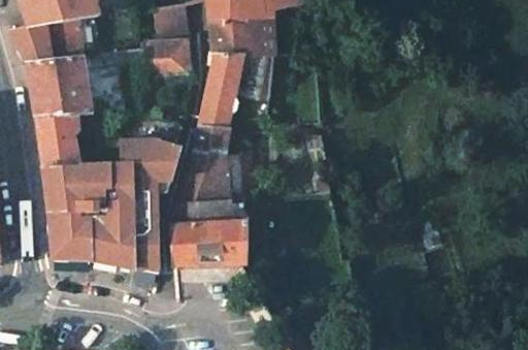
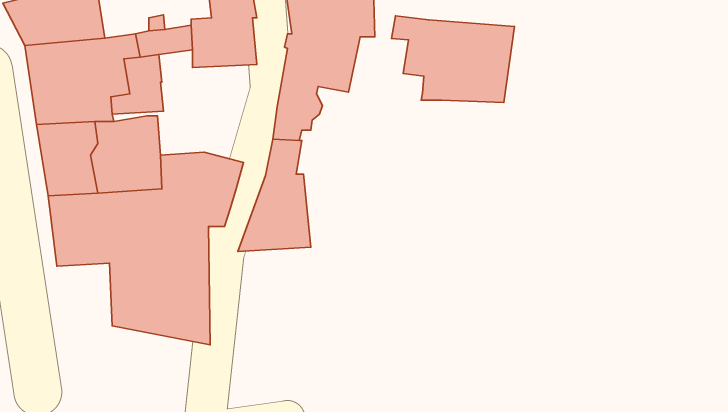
building: none -> [391,16,514,103]
building: [169,204,242,268] -> none
building: [48,216,88,260] -> none

